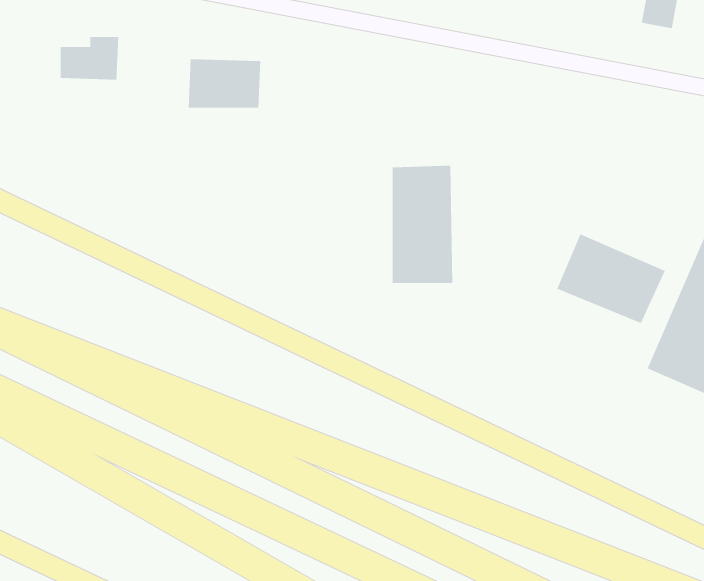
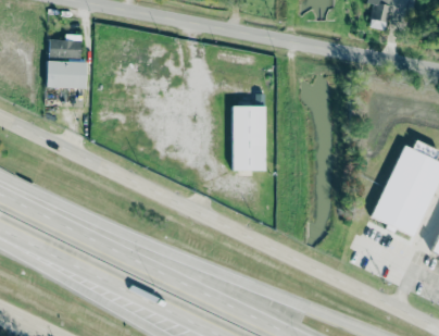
building: [188,59,261,108] -> [47,61,87,88]
building: [557,233,665,324] -> none

